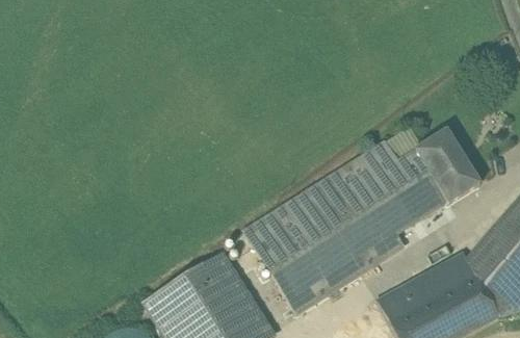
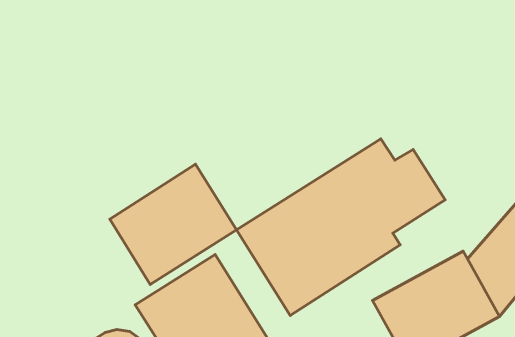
building: [415,129,480,203] -> none
building: none -> [110,164,237,284]

